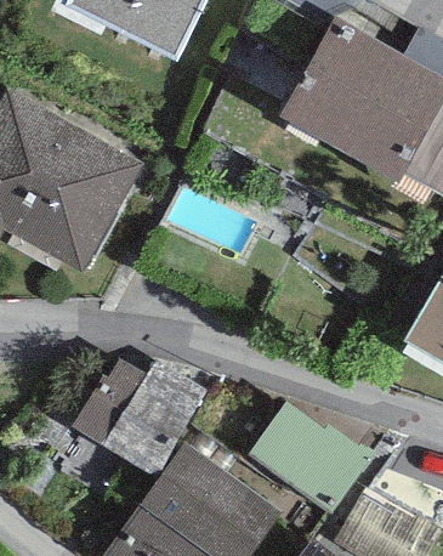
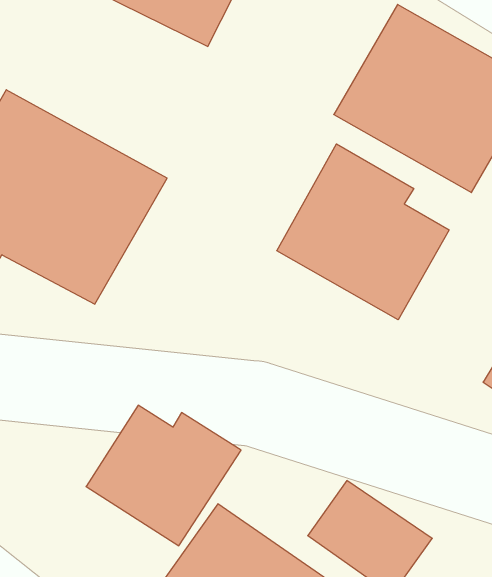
building: none -> [277,144,449,320]

